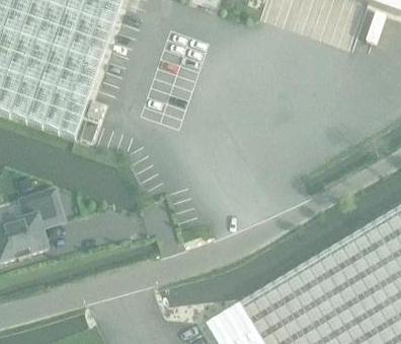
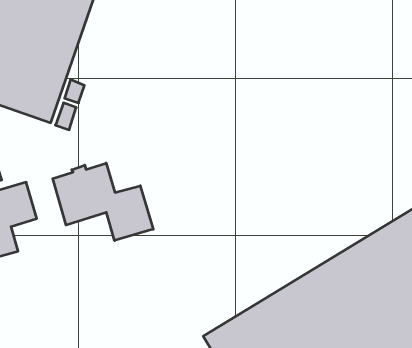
building: none -> [53,163,153,241]

